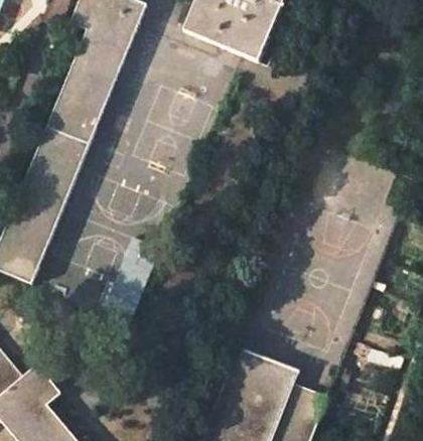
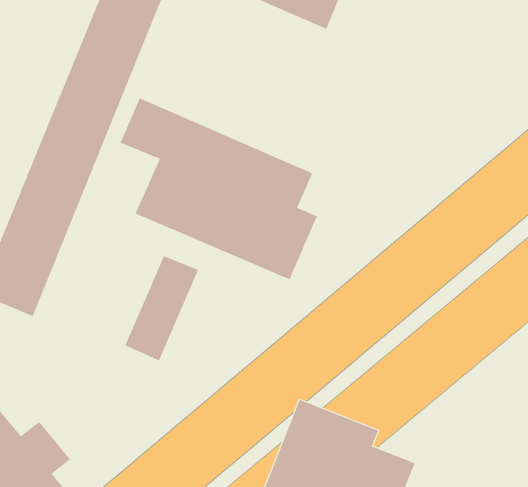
building: none -> [120,98,318,280]

